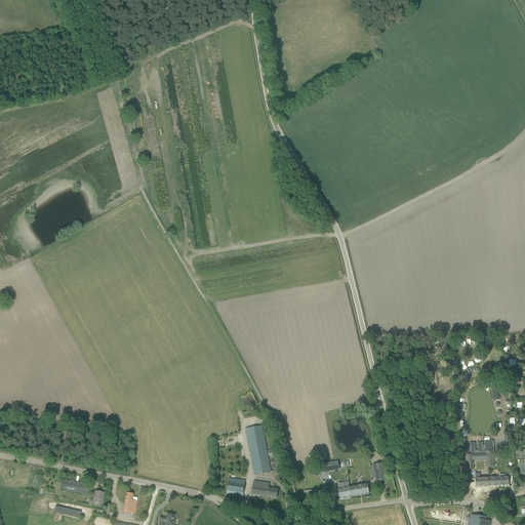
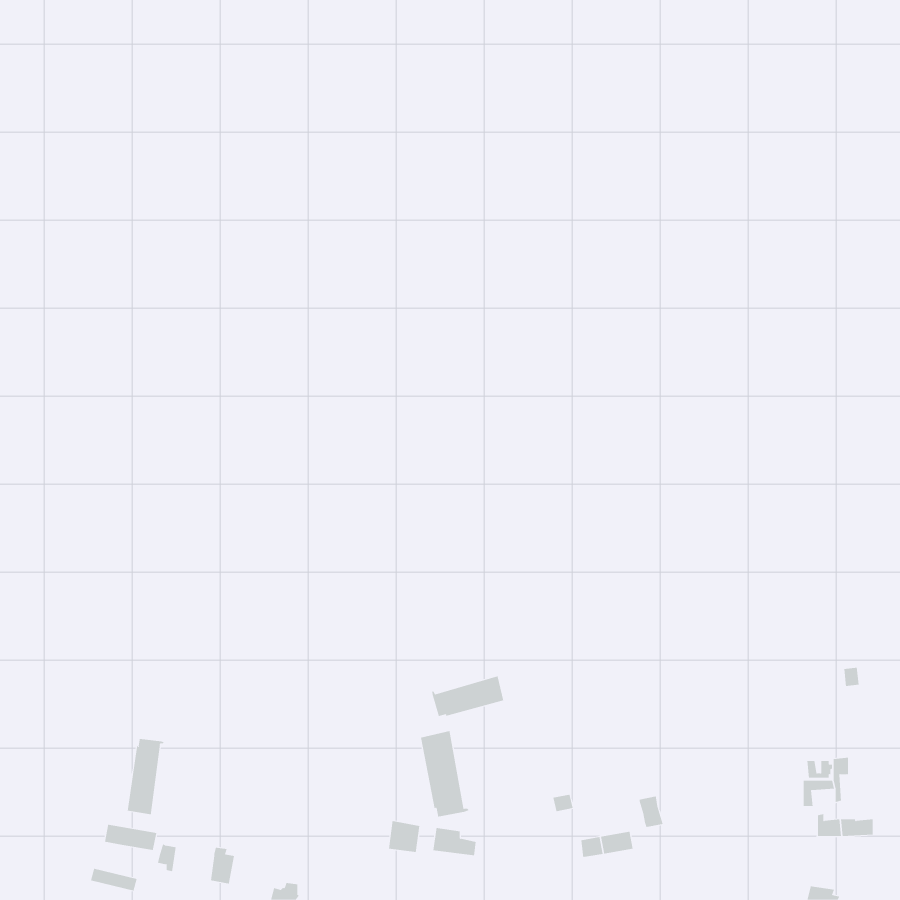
building: none -> [432,675,504,717]
building: none -> [127,738,165,815]

